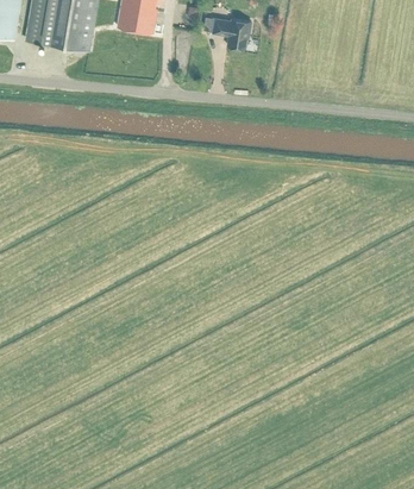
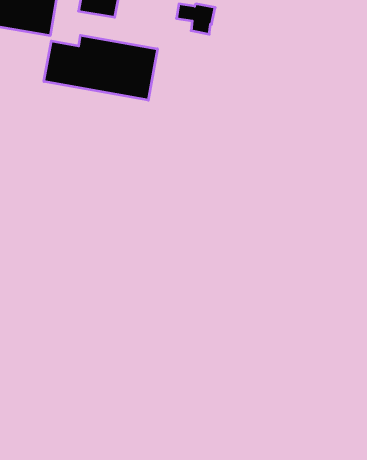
building: none -> [44,35,157,100]

